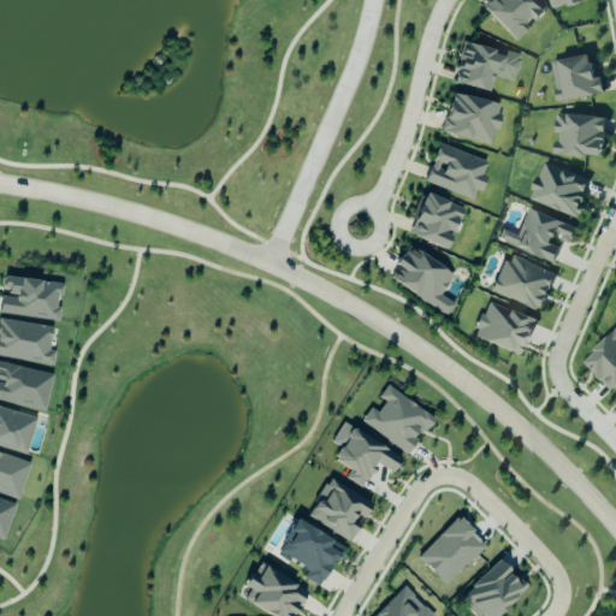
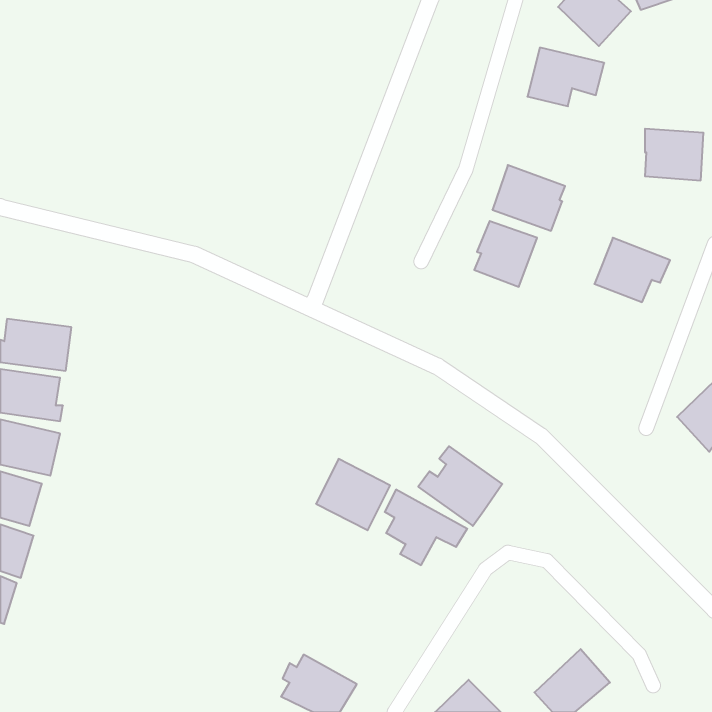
building: [553,55,605,100] -> none
building: [444,91,503,144] -> none
building: [531,160,592,217] -> none
building: [392,243,457,315] -> none
building: [493,253,557,309] -> none
building: [474,300,537,354] -> none
building: [309,478,373,539] -> [316,459,390,530]
building: [419,515,487,584] -> none
building: [280,517,340,586] -> none

